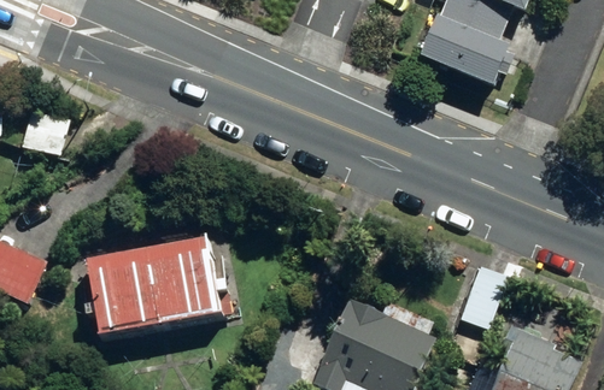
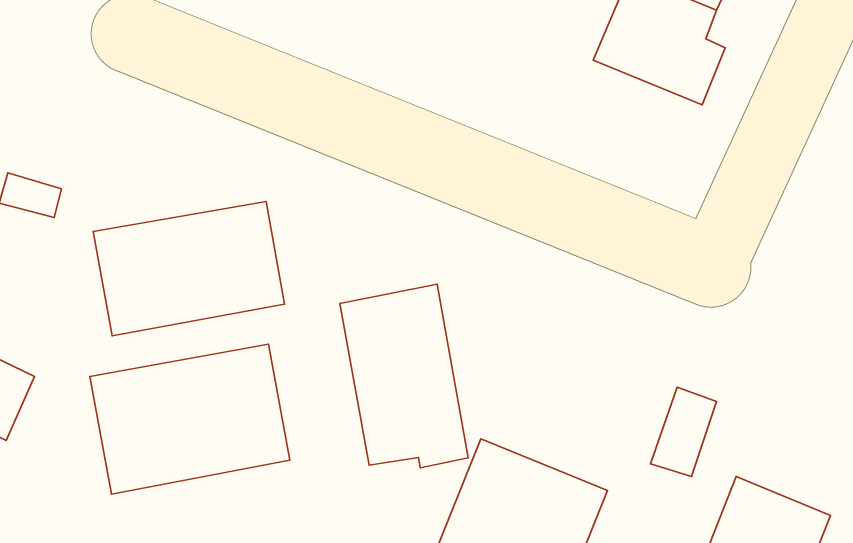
building: none -> [93,201,285,336]
building: none -> [340,284,468,468]

